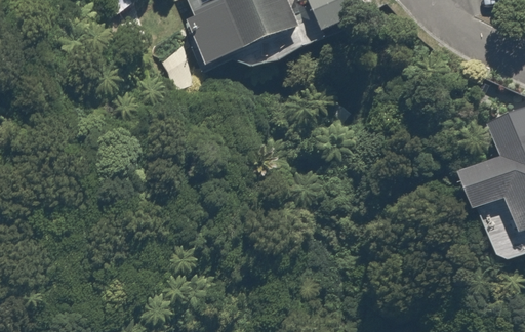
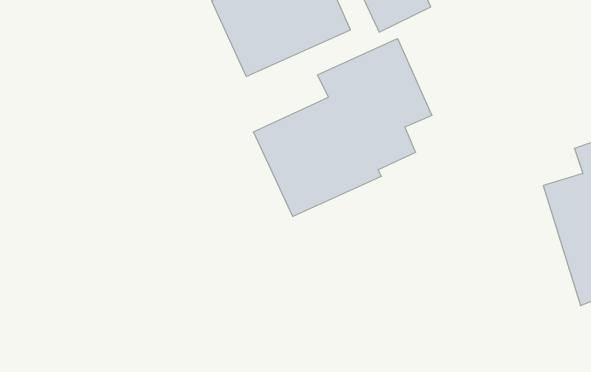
building: none -> [253,39,432,217]

